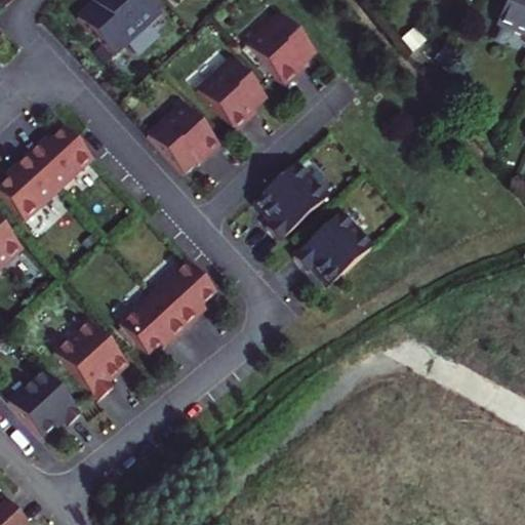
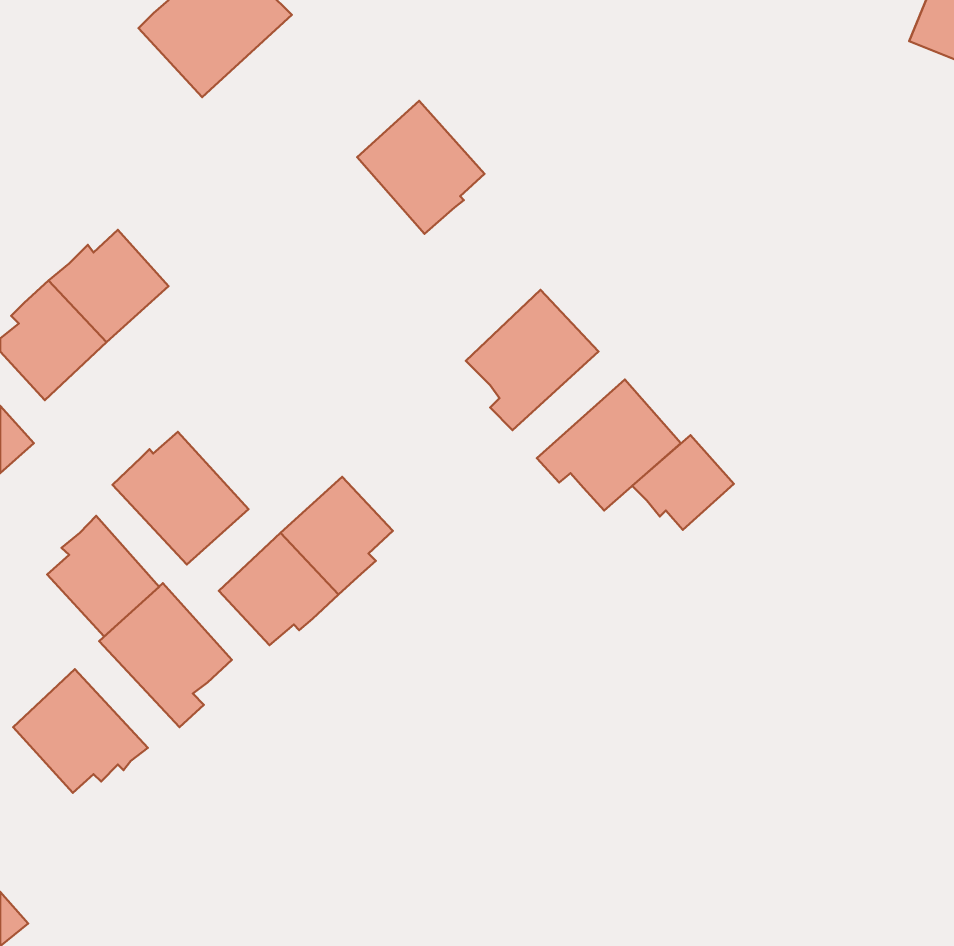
building: [245,10,316,83] -> none
building: [147,100,219,170] -> none
building: none -> [112,432,249,565]
building: none -> [632,435,734,530]
building: none -> [47,516,159,637]

